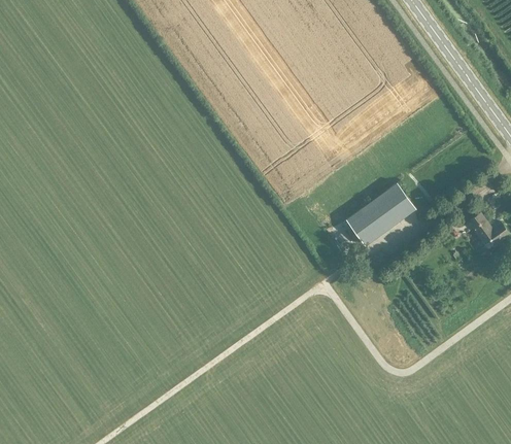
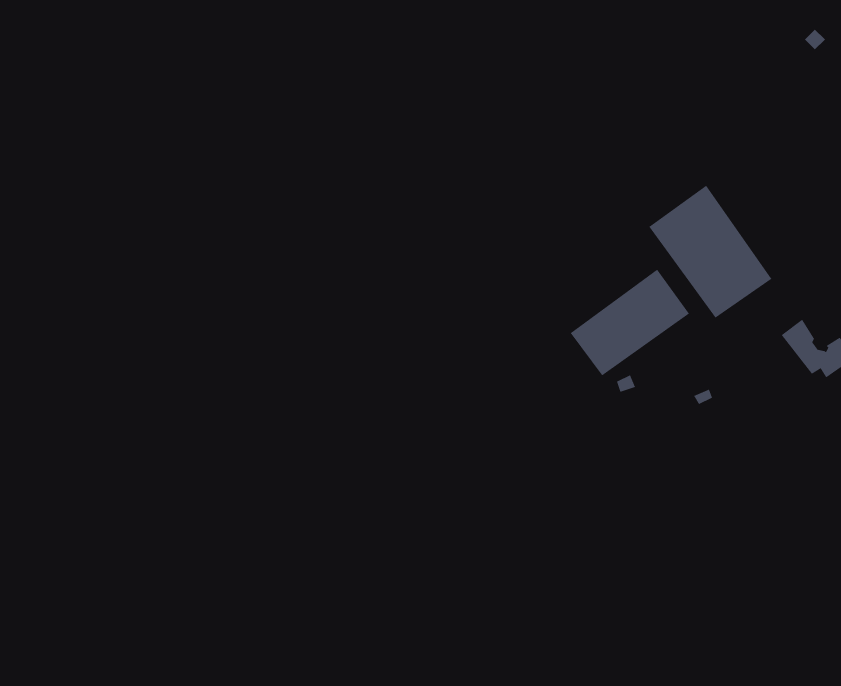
building: none -> [649,185,772,319]

